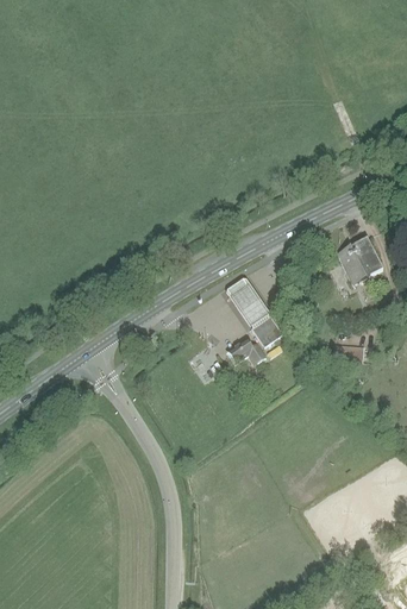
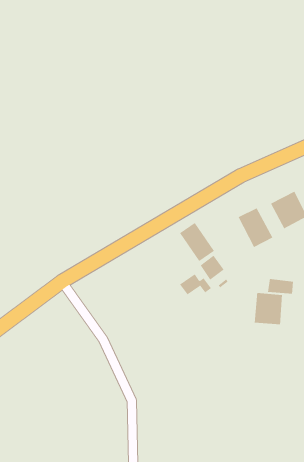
building: none -> [238,207,273,248]
building: none -> [254,292,283,325]

